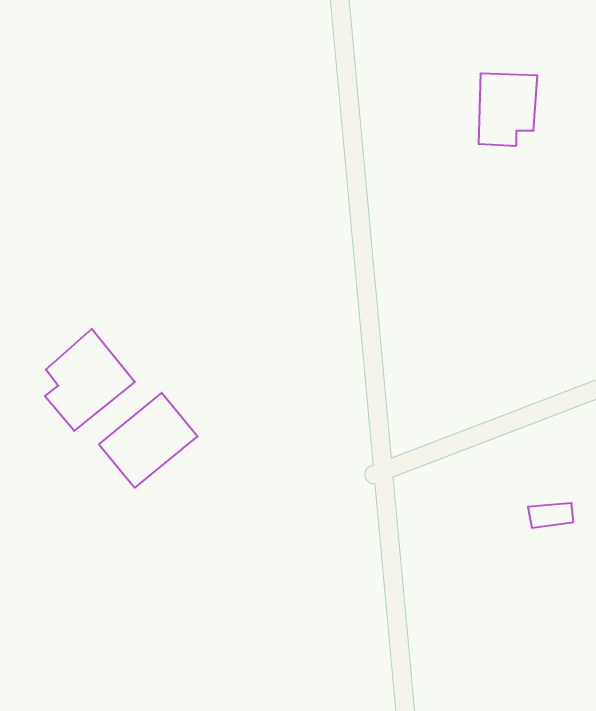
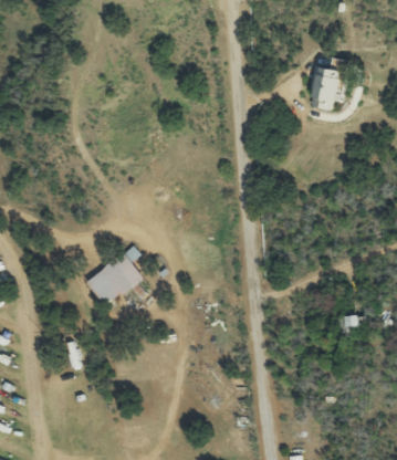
building: [45,329,135,431] -> none

